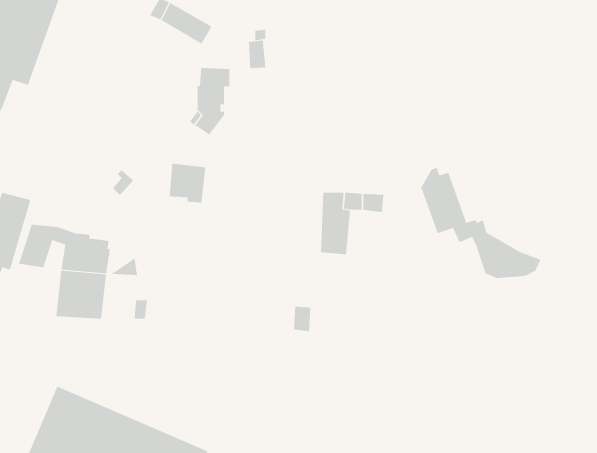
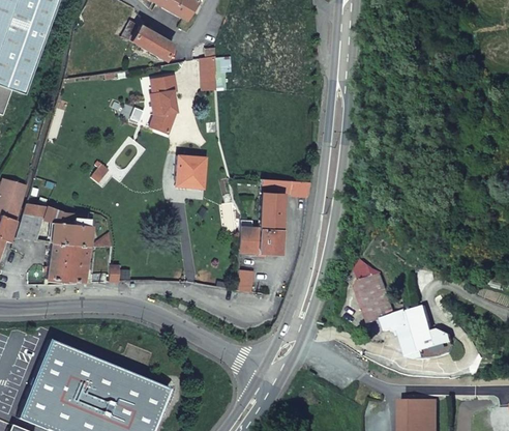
building: [169,163,206,203] -> [176,156,206,189]
building: [421,167,541,279] -> [358,269,455,360]
building: none -> [240,228,285,255]

